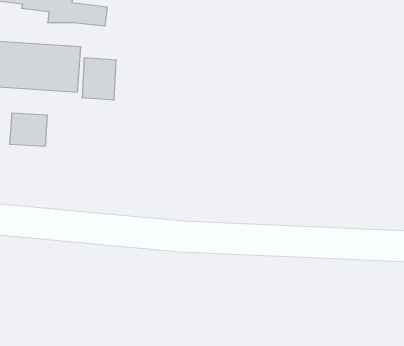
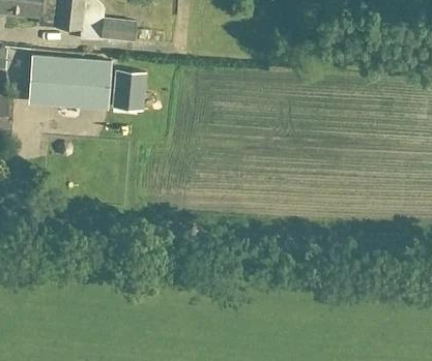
building: [10,113,47,146] -> none

